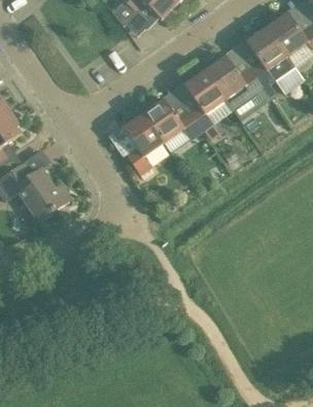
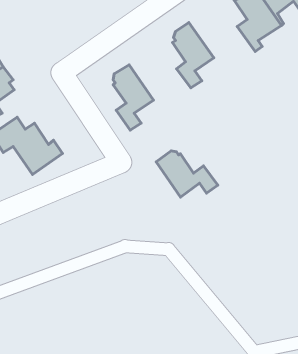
building: [201,53,269,108] -> none
building: [140,96,203,143] -> [156,151,218,197]

